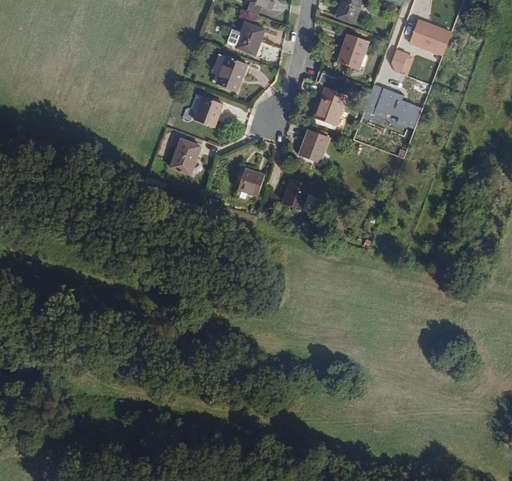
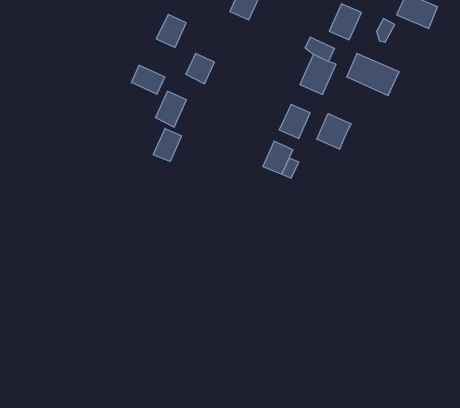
building: [216,58,245,91] -> [156,14,186,47]
building: none -> [131,65,165,94]
building: none -> [317,114,351,149]
building: [237,168,264,197] -> none
building: none -> [153,128,182,161]

